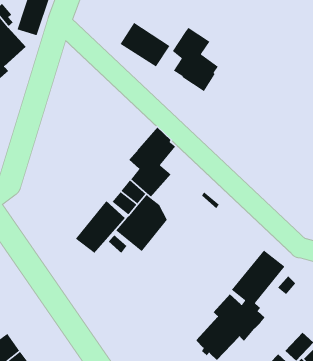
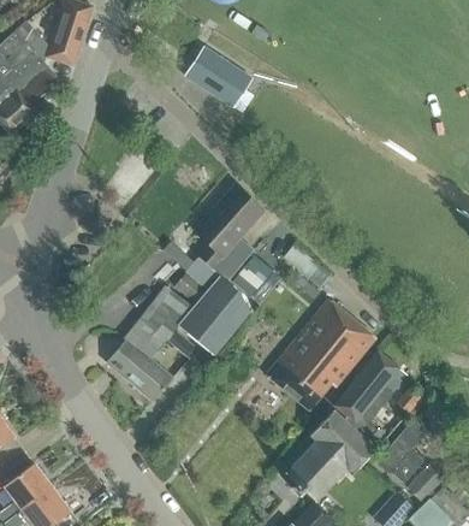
building: [172,27,219,92] -> none
building: none -> [232,255,273,297]
building: none -> [266,299,375,410]
building: none -> [106,337,174,402]
building: none -> [375,418,427,483]

